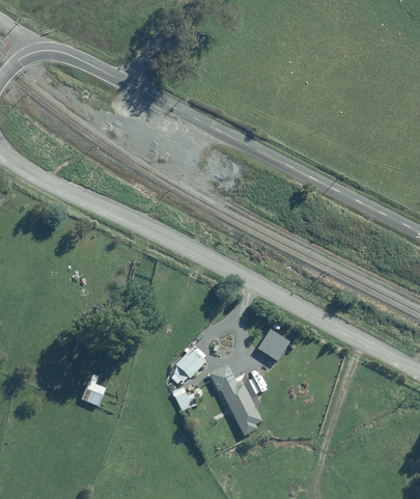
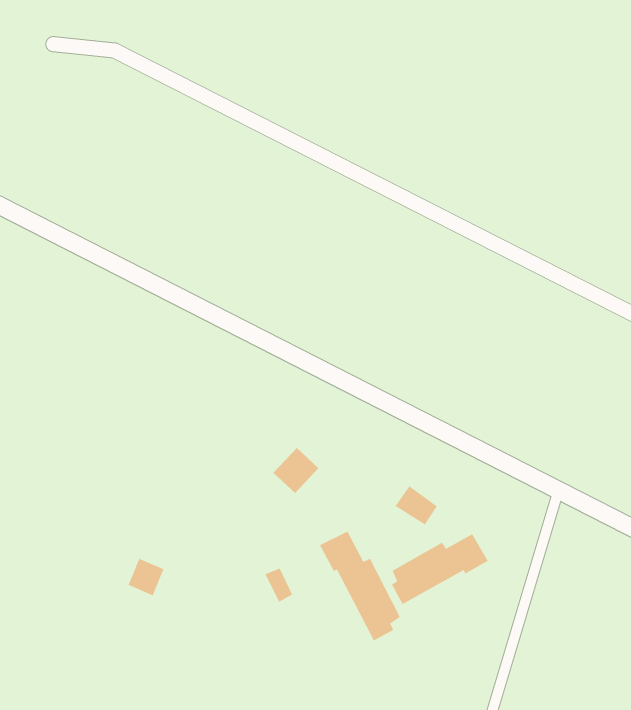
building: [176,348,206,378] -> [273,447,319,494]
building: none -> [391,533,489,605]

